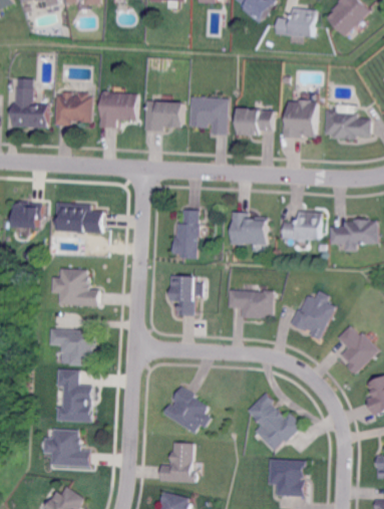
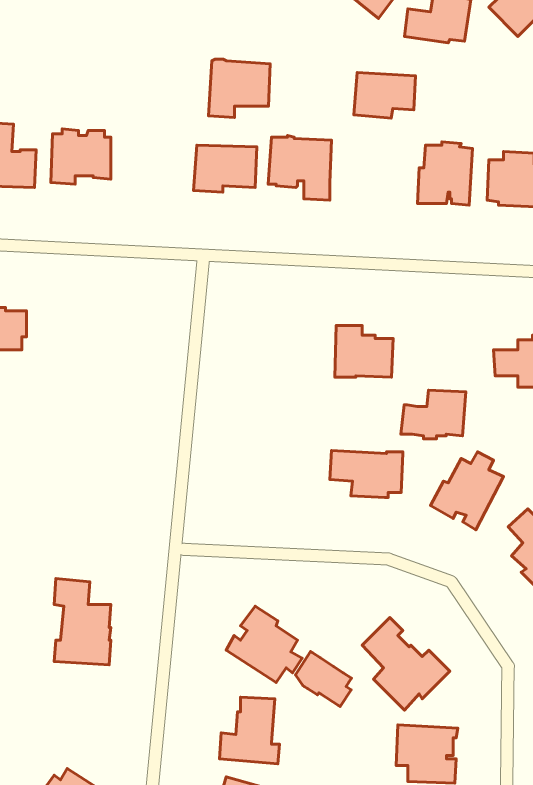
building: [98,91,136,128] -> [209,59,270,118]
building: [235,108,273,137] -> [354,73,416,118]
building: [54,203,102,234] -> none
building: [171,210,199,258] -> none
building: [281,212,321,242] -> [401,390,466,439]
building: [51,269,98,307] -> none
building: [168,277,196,316] -> none
building: [49,329,95,367] -> none
building: none -> [296,652,352,707]
building: [43,430,90,467] -> none

